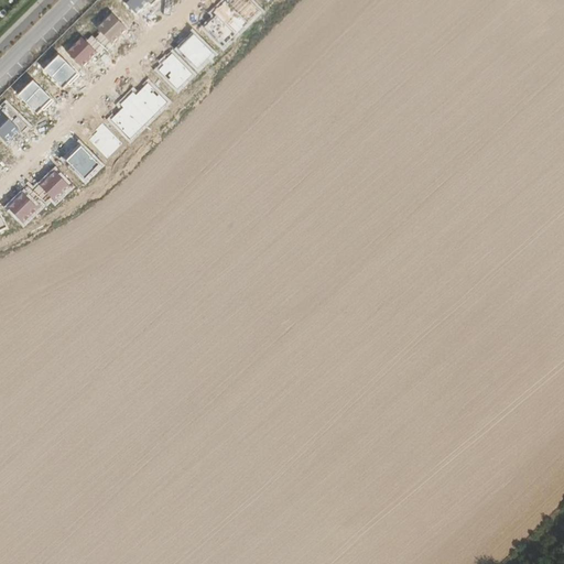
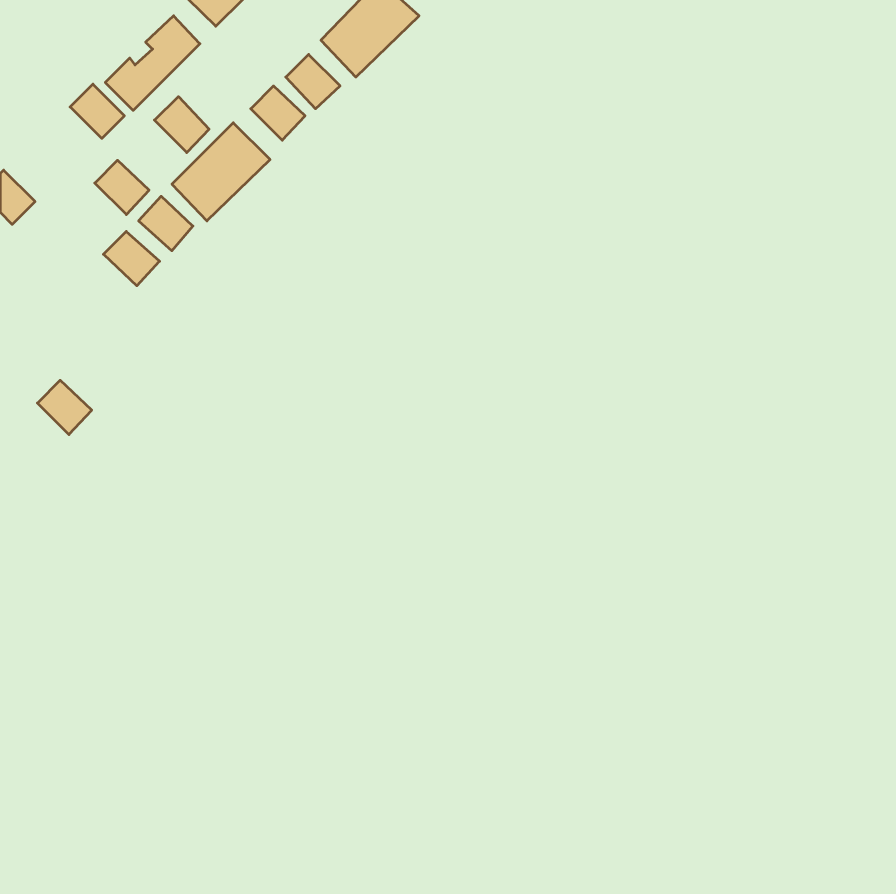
building: none -> [154,97,209,153]
building: [18,79,52,113] -> [95,160,149,215]
building: [39,169,73,203] -> none
building: [8,188,42,223] -> [37,380,92,435]

